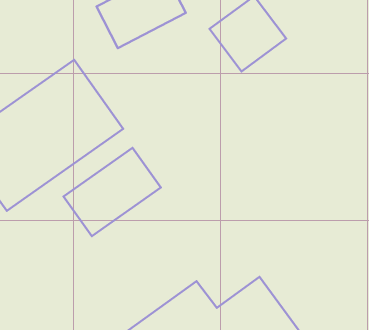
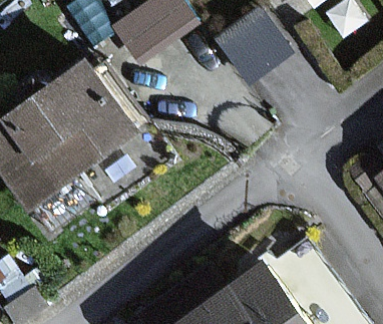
building: [64,148,161,236] -> none

